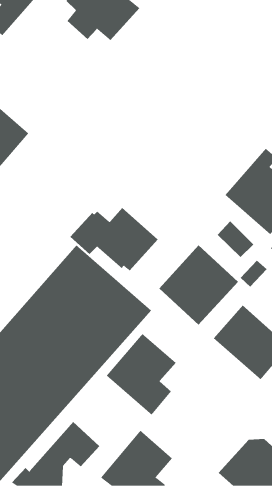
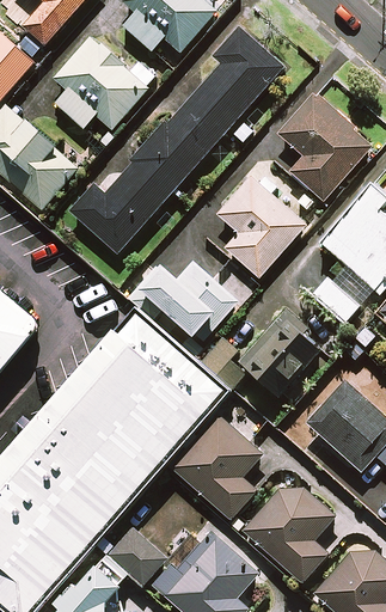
building: none -> [68,26,282,253]
building: none -> [54,37,155,130]
building: none -> [275,93,370,200]
building: none -> [215,176,305,279]
building: none -> [241,476,333,581]

